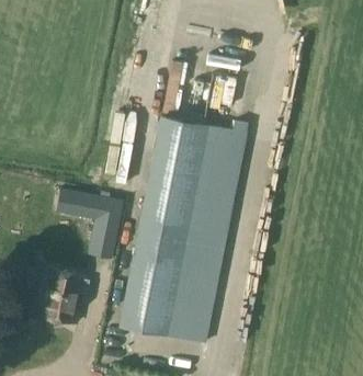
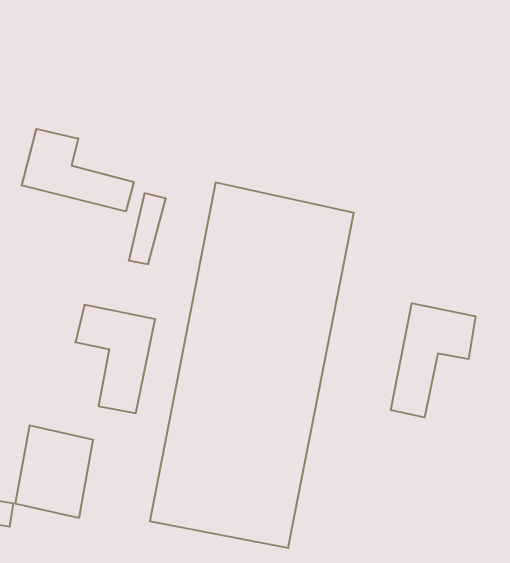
building: none -> [22,129,134,211]
building: none -> [391,303,476,417]

